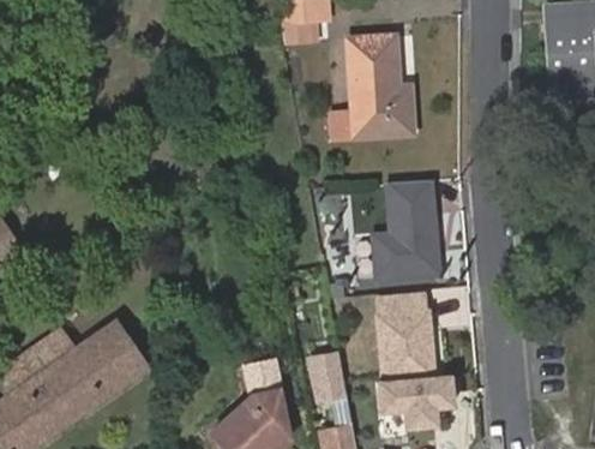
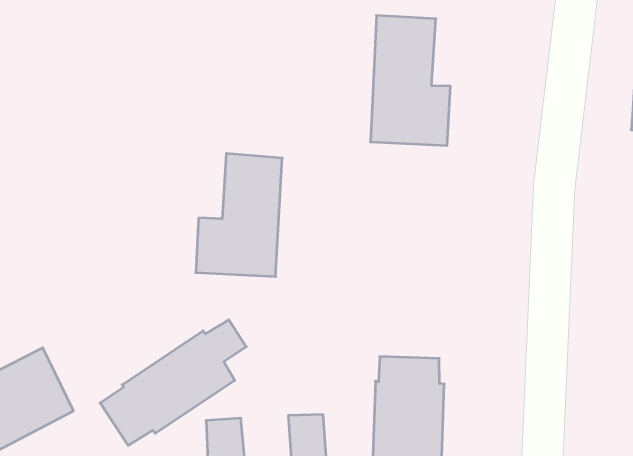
building: [368,182,432,277] -> [196,153,282,277]
building: none -> [100,320,246,445]

